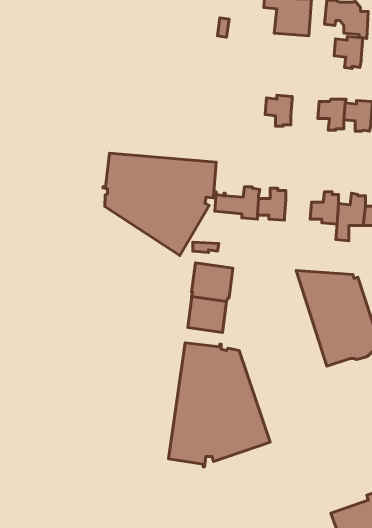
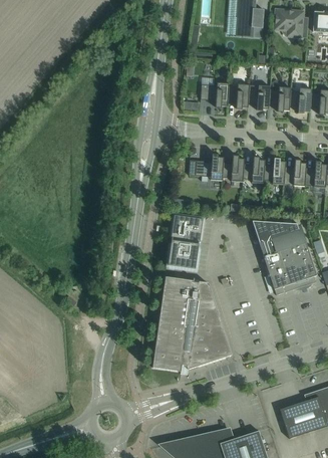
building: [334,36,363,69] -> [248,84,270,109]
building: none -> [200,81,229,106]
building: [103,153,216,255] -> none
building: none -> [243,158,265,183]

